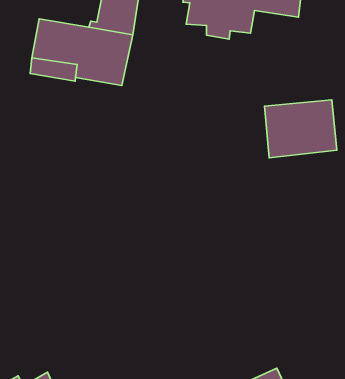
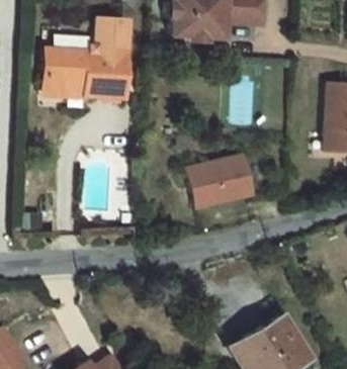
building: [265,100,337,158] -> [189,155,254,209]

